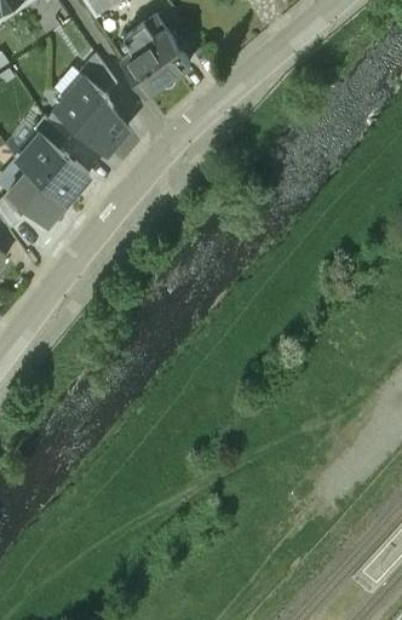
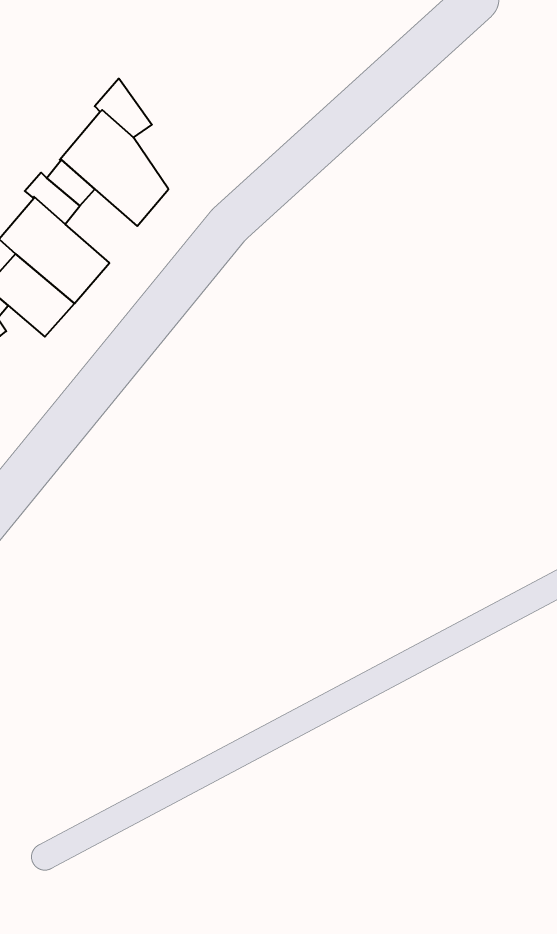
building: [122,18,190,93] -> none

